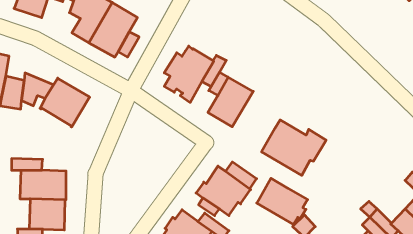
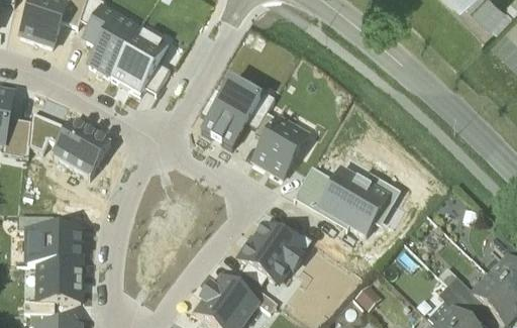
building: none -> [295,168,333,208]
building: [257,178,308,224] -> none

